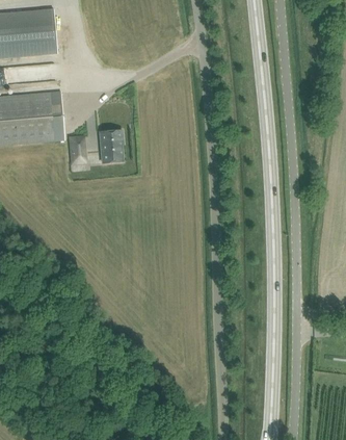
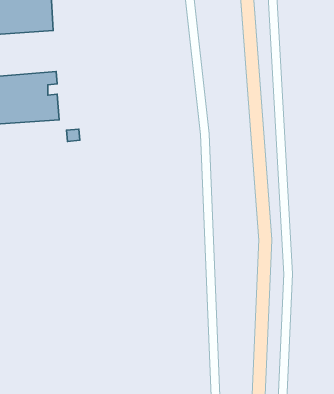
building: [99,130,121,162] -> none

